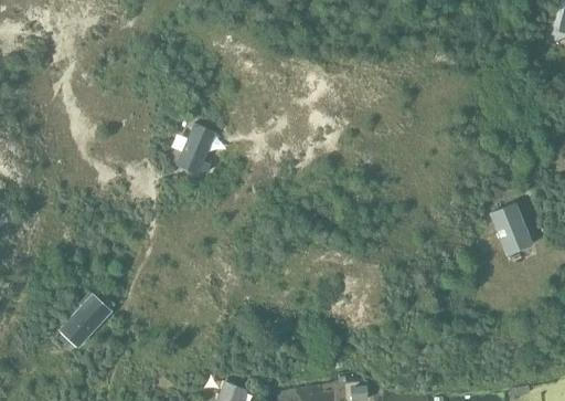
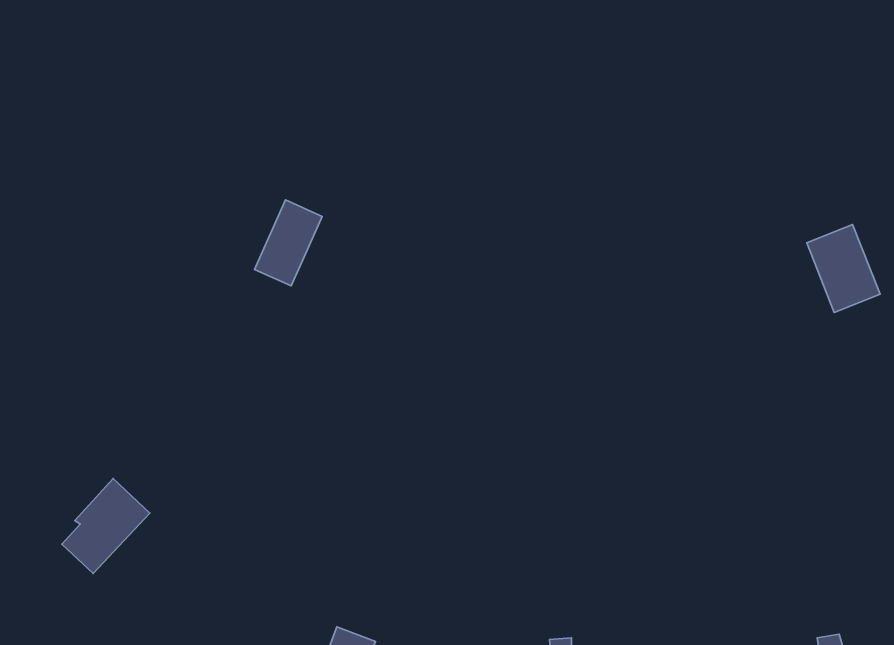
building: [489,204,533,257] -> [807,224,880,312]

